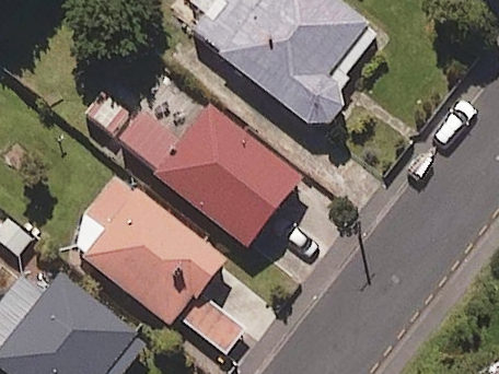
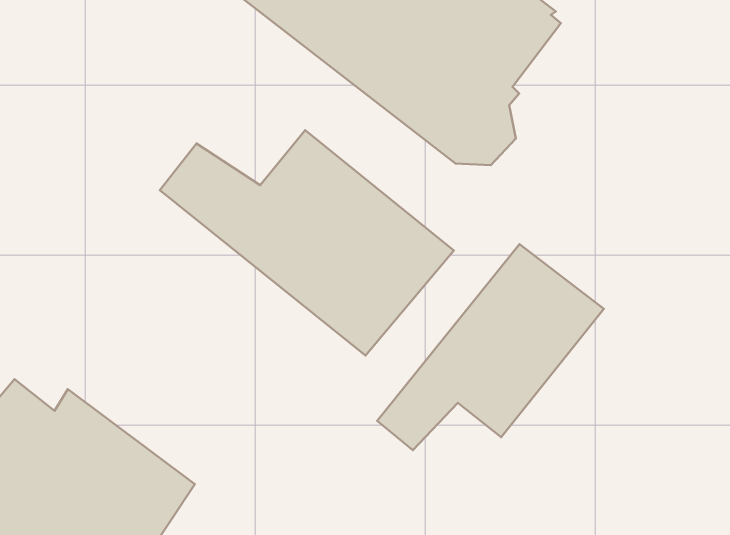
building: [73,173,229,325] -> none
building: none -> [377,244,604,450]

